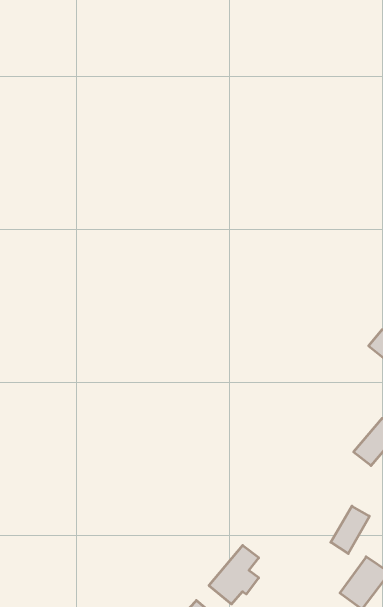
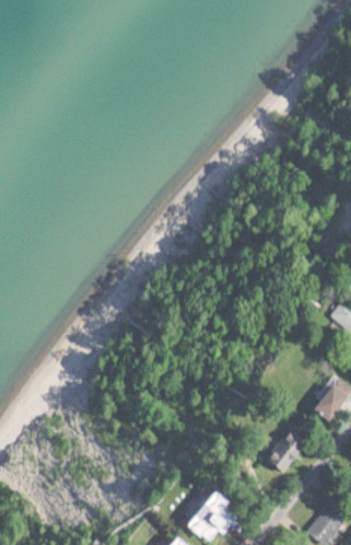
building: [331,506,369,554] -> [270,430,304,472]

